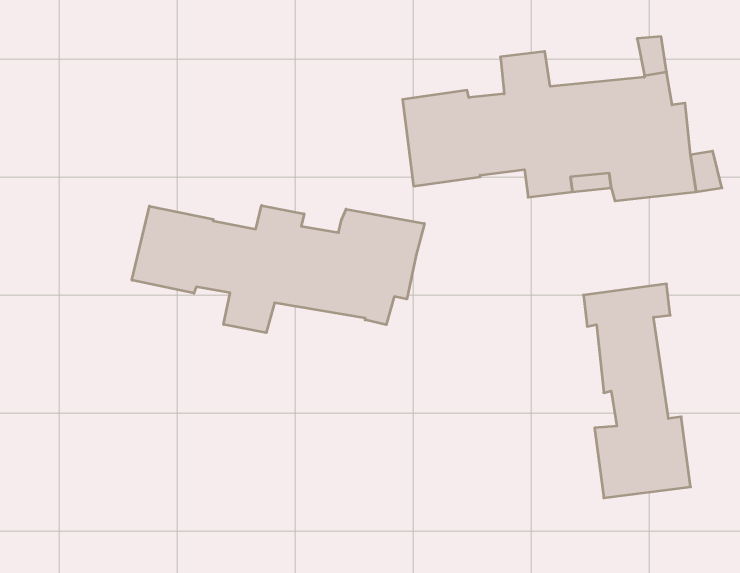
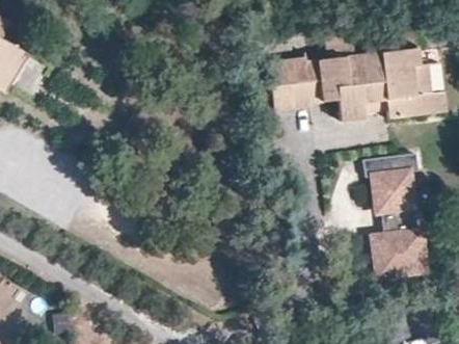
building: [132,205,424,333] -> none

